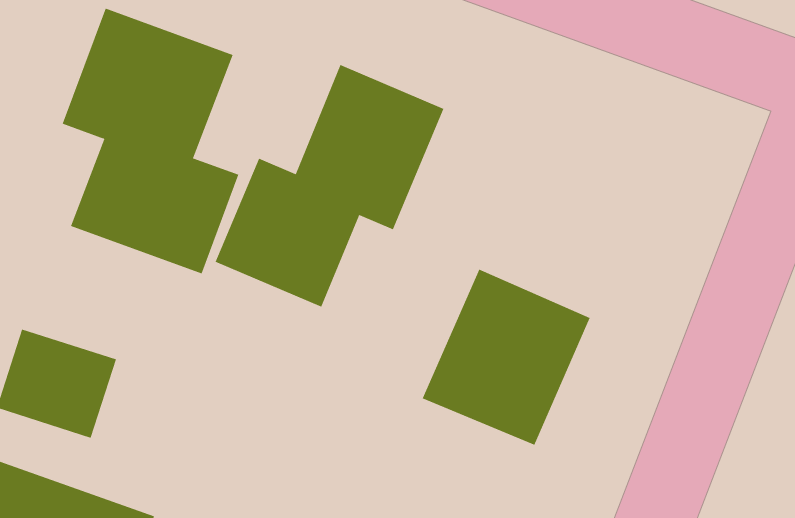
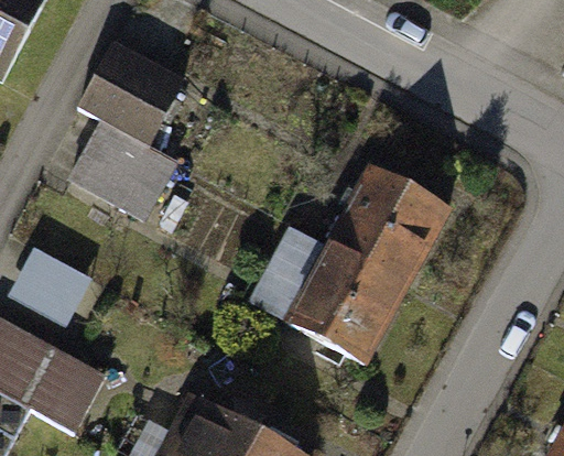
building: [215,64,444,308] -> none
building: none -> [327,163,441,282]

